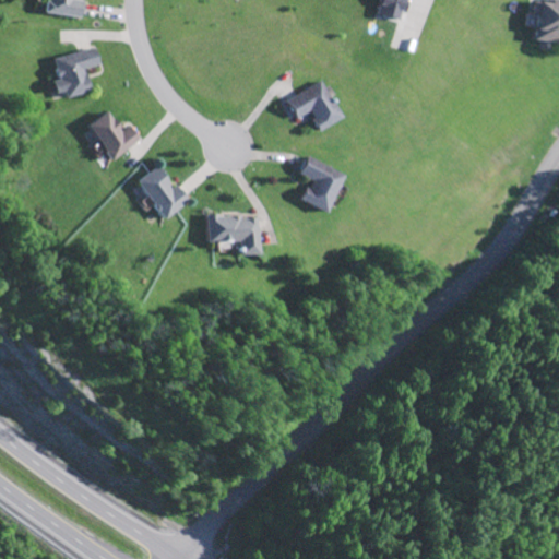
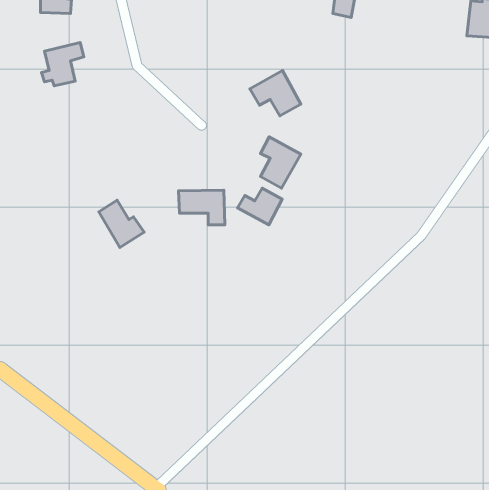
building: [86,111,139,159] -> none
building: [139,166,190,219] -> [99,200,144,248]
building: none -> [238,188,282,225]

